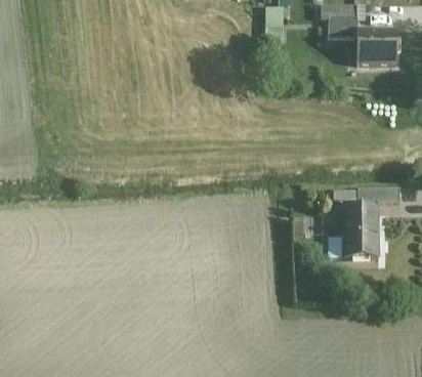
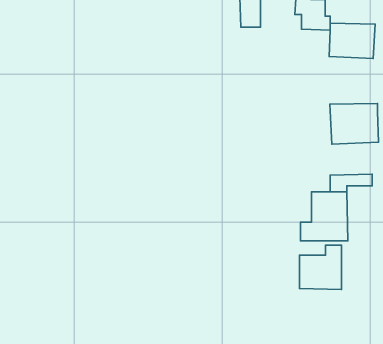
building: none -> [330,103,379,144]
building: none -> [299,245,342,289]

